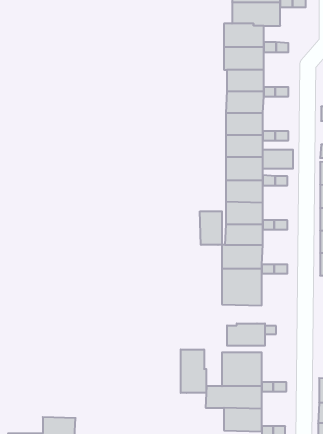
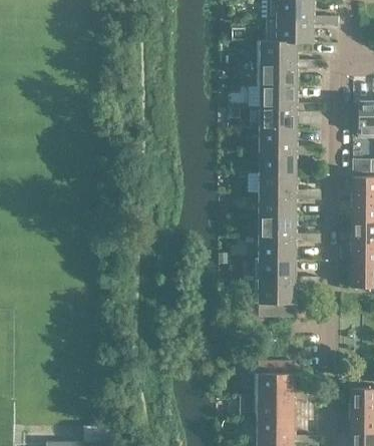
building: [263,150,293,169] -> none
building: [200,211,222,245] -> none
building: [227,323,265,346] -> none
building: [181,349,206,393] -> none

